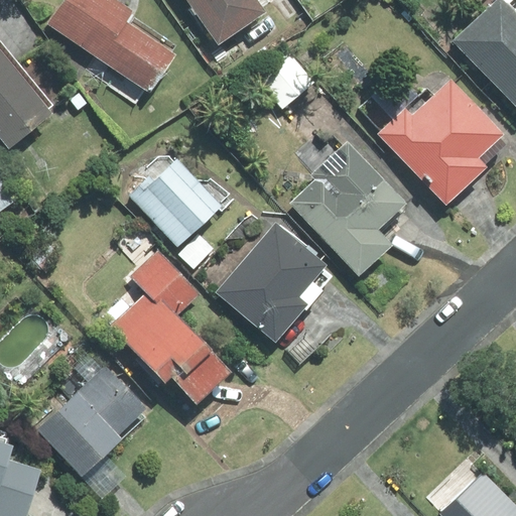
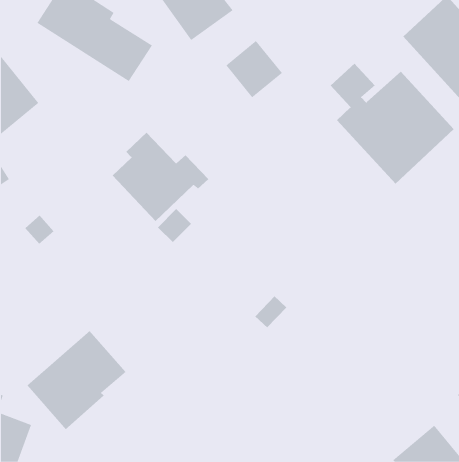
building: [287,143,404,277] -> none
building: [212,222,334,344] -> none
building: [112,250,229,405] -> none

